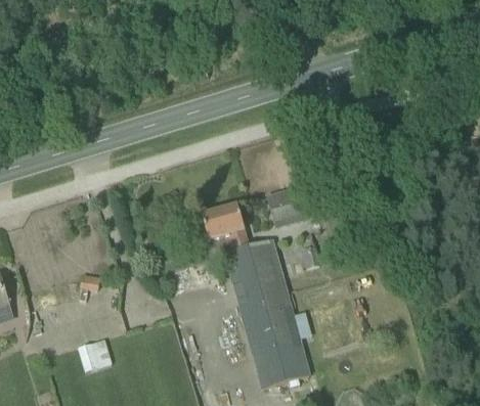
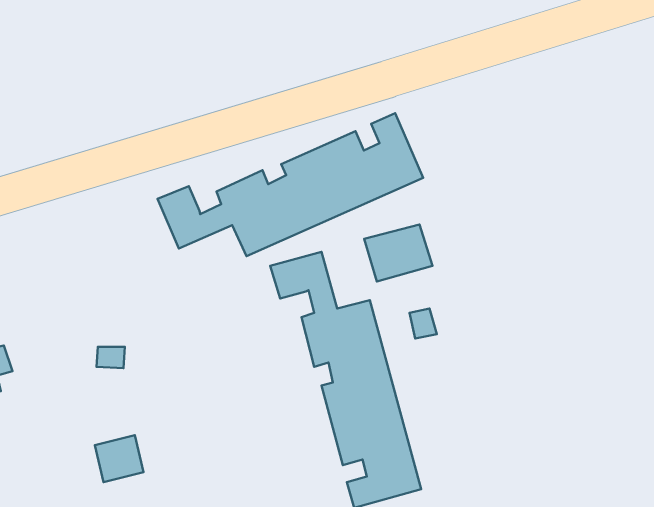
building: none -> [158,113,423,256]

